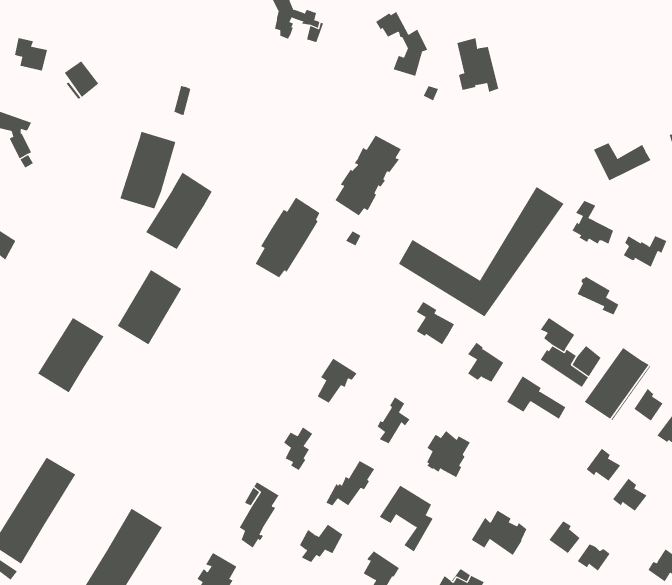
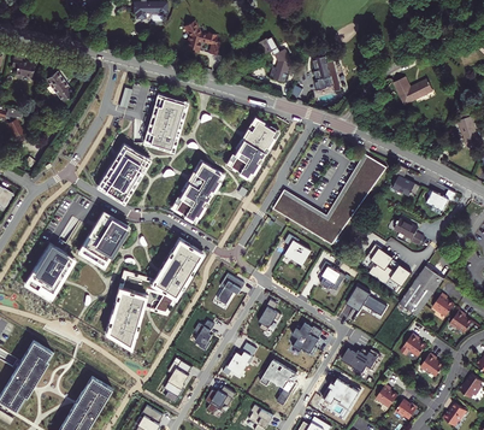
building: [119,131,176,209] -> [146,95,184,148]
building: [593,142,651,181] -> [394,77,433,104]
building: none -> [107,241,200,344]
building: none -> [341,346,379,372]

